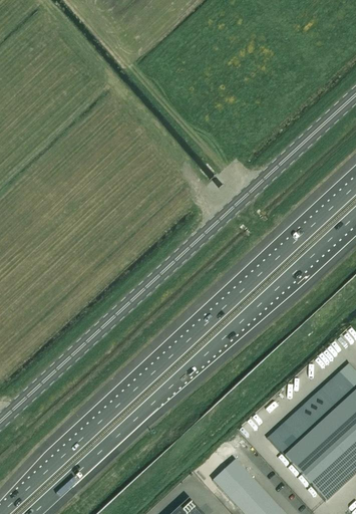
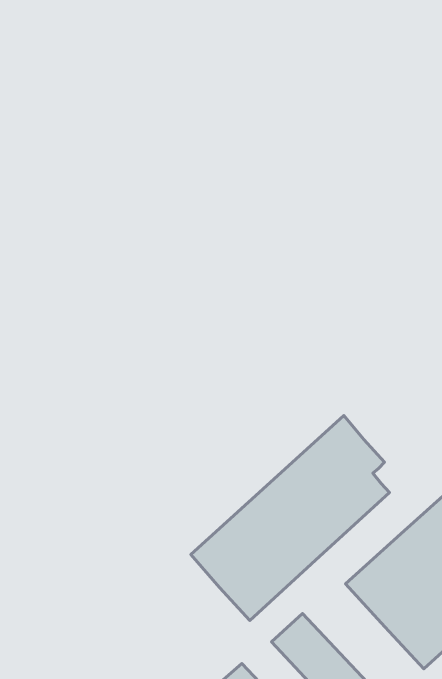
building: none -> [191,415,390,620]

